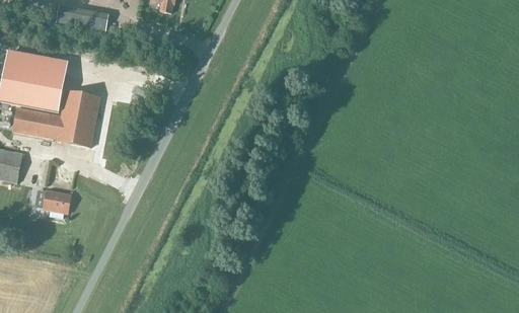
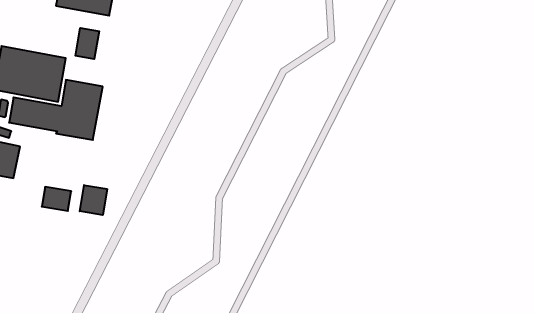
building: none -> [75,28,99,59]
building: none -> [80,185,107,215]

